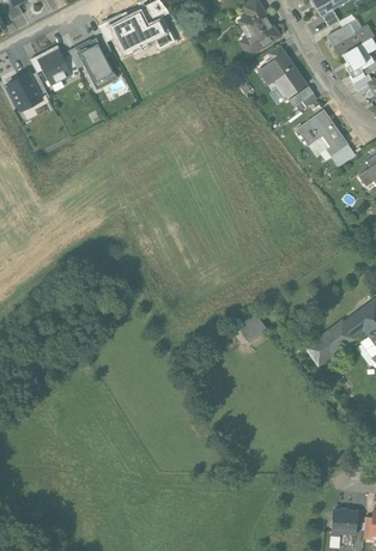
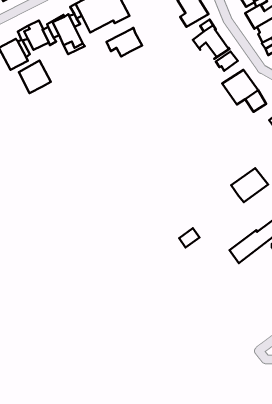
building: none -> [106,28,142,57]
building: none -> [19,60,51,93]
building: none -> [231,168,268,202]
building: [330,509,356,535] -> none

